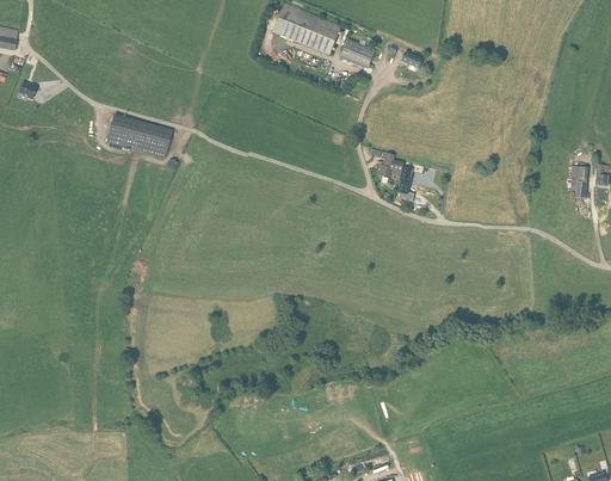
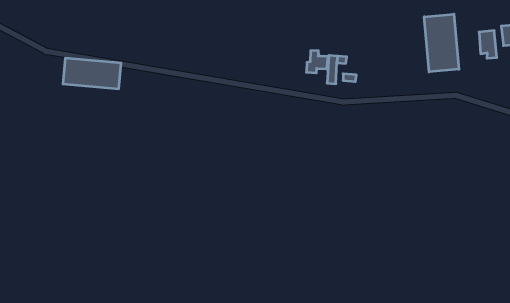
building: none -> [424,14,459,72]

